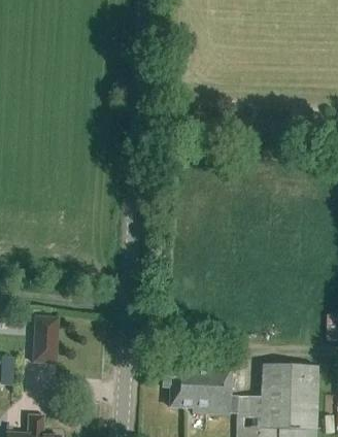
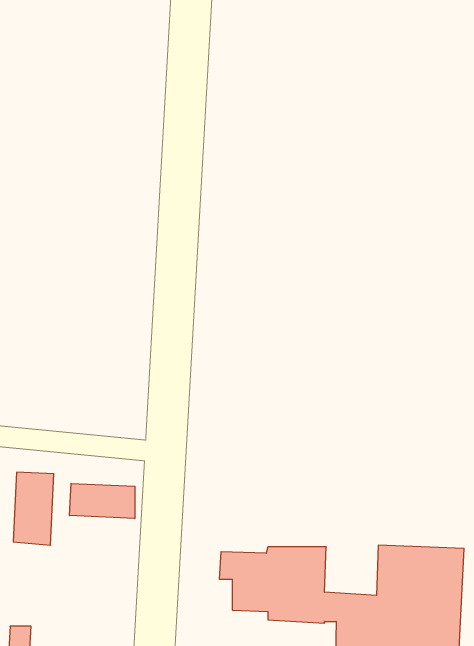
building: none -> [70,483,135,519]

